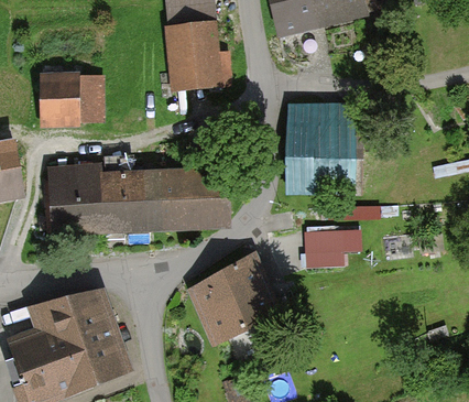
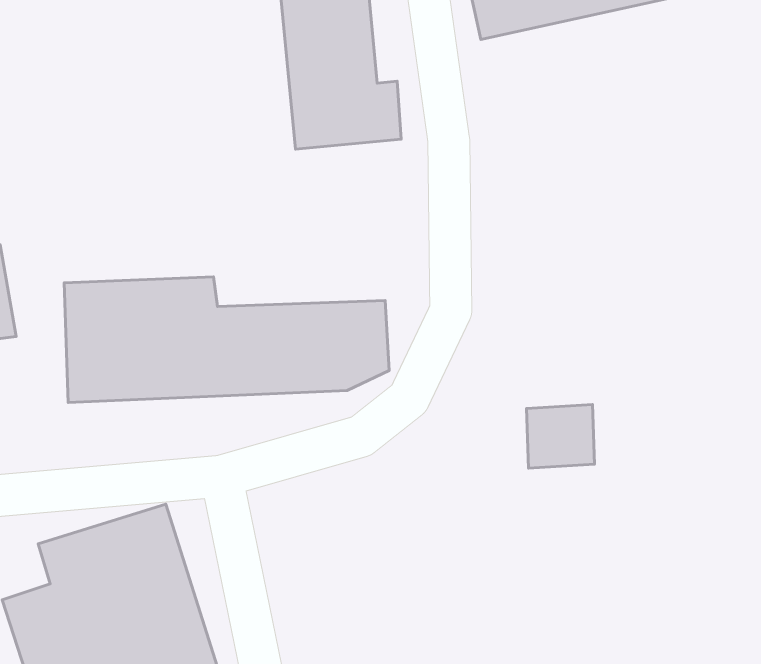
building: [40,69,105,130] -> none
building: [284,105,356,188] -> none
building: [189,254,274,340] -> none

